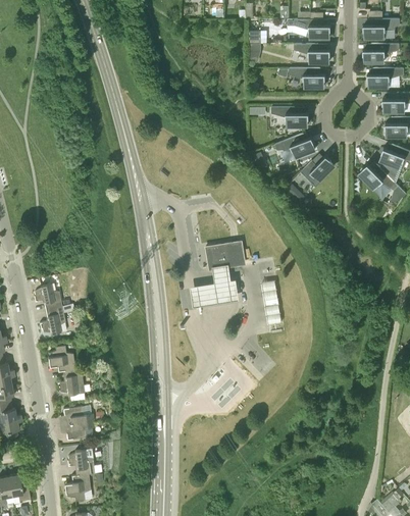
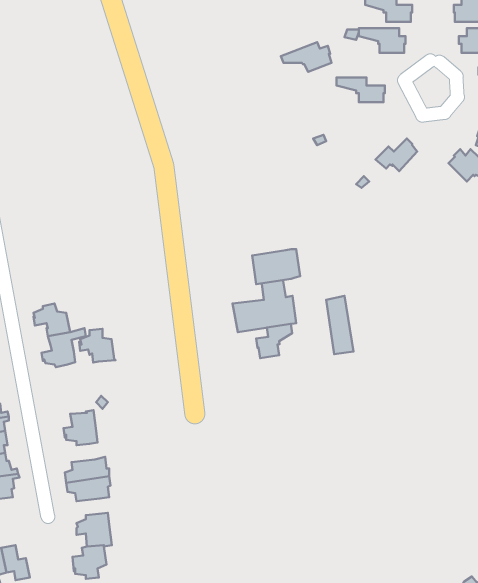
building: [275,135,315,158] -> [281,42,332,72]
building: none -> [256,324,292,358]
building: [47,347,75,373] -> [79,329,115,363]

